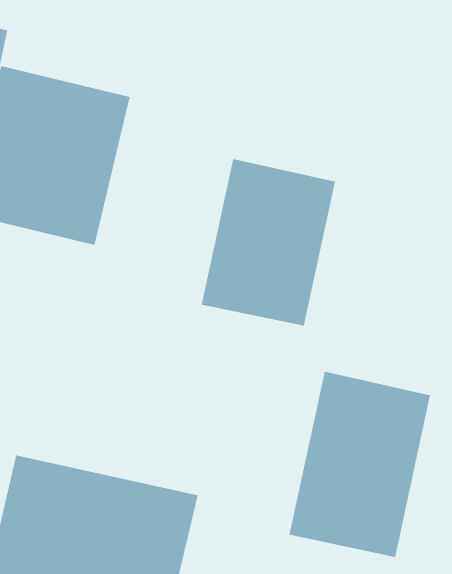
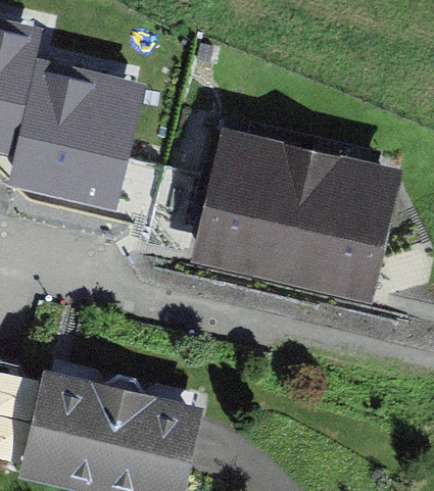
building: none -> [282,155,391,291]
building: [289,371,431,558] -> none

